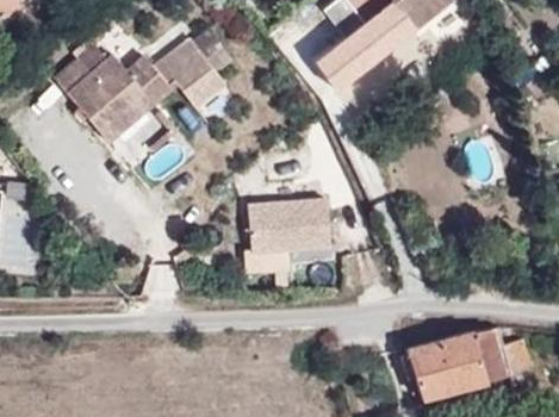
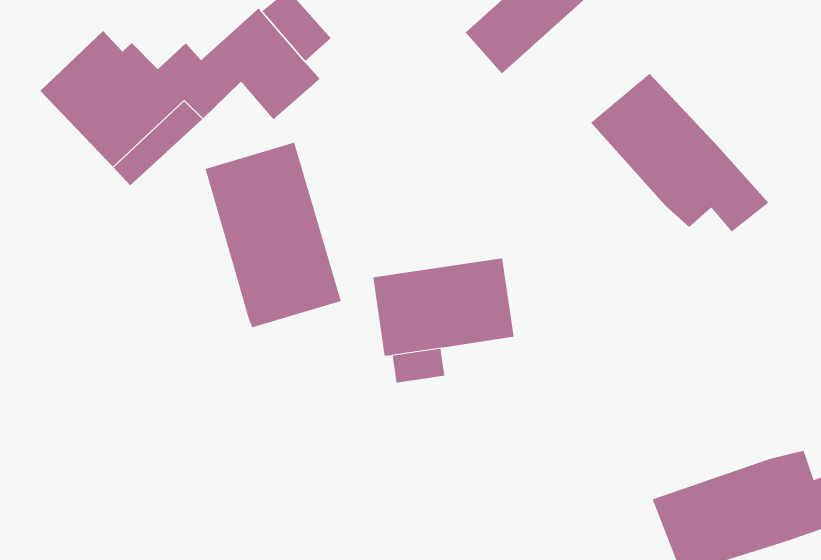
building: none -> [590,73,769,233]
building: none -> [205,142,342,328]

